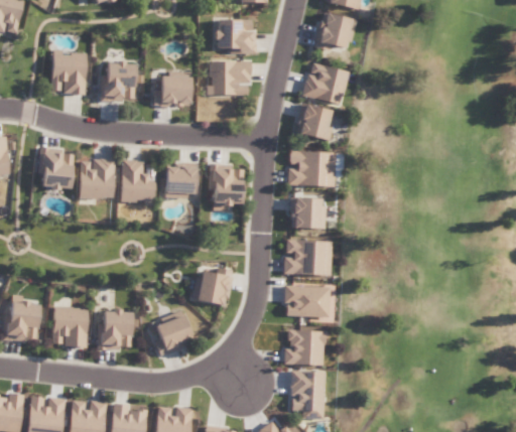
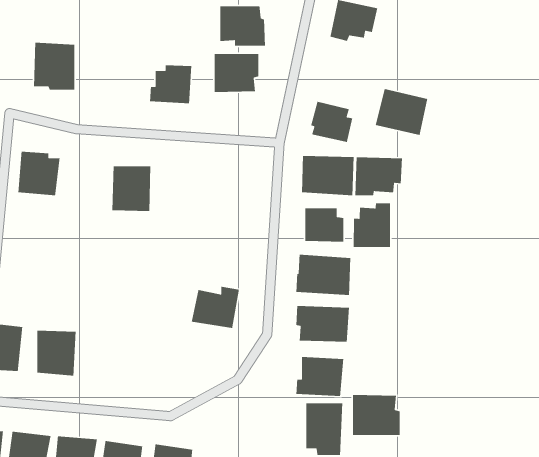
building: [100,61,135,102] -> none
building: [302,61,350,104] -> [375,88,428,136]
building: none -> [355,157,403,196]
building: [79,158,115,199] -> none
building: [164,161,198,196] -> none
building: [209,164,244,202] -> none
building: none -> [353,203,391,248]
building: [152,309,196,356] -> none
building: [97,310,133,349] -> none
building: none -> [352,394,400,436]

